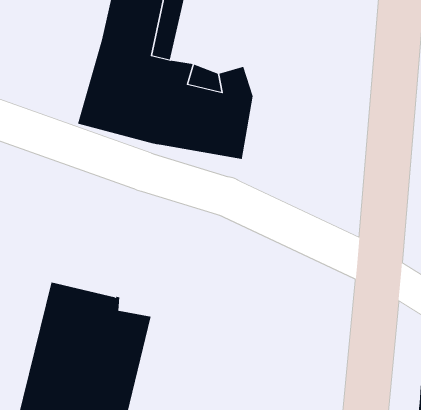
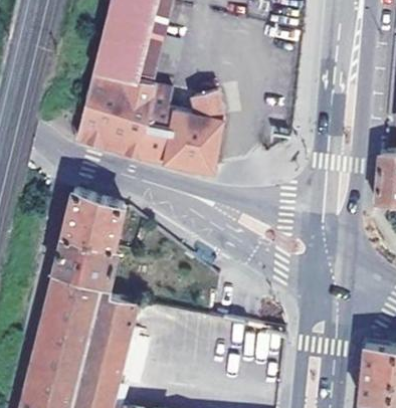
building: none -> [52,193,121,286]

